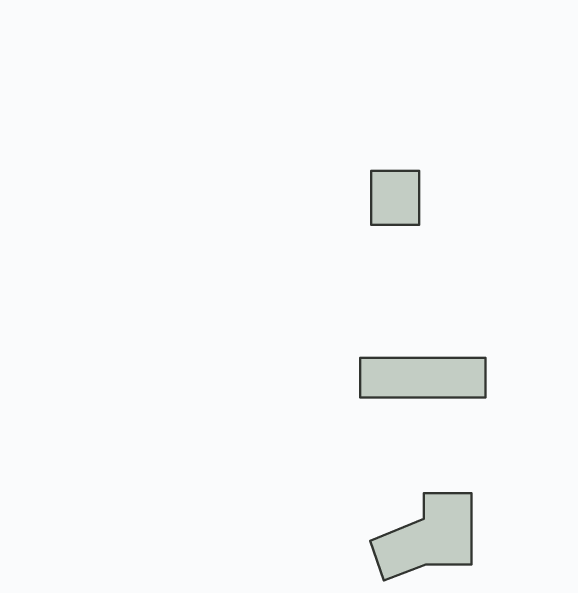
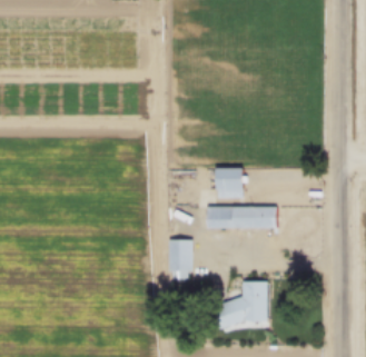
building: [371,171,419,225] -> [216,167,243,197]
building: none -> [168,240,192,278]

